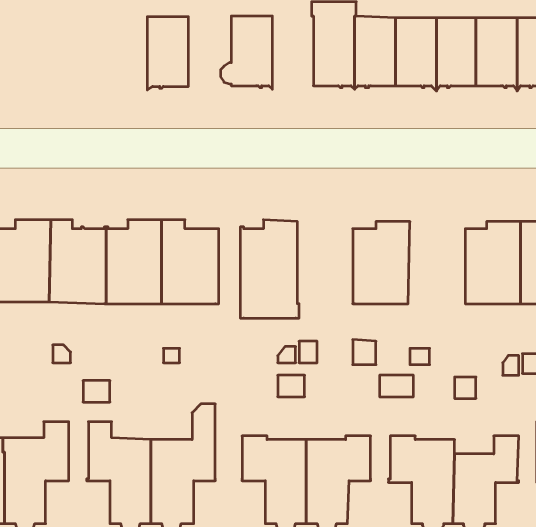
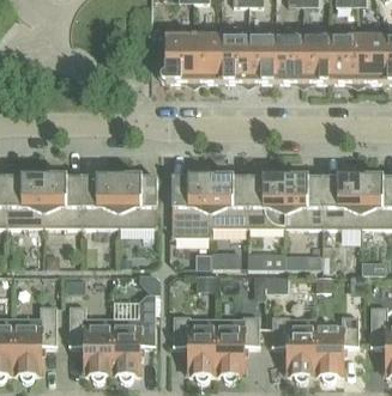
building: [147,17,188,90] -> [193,33,221,83]
building: none -> [210,171,247,226]
building: none -> [284,171,322,226]

